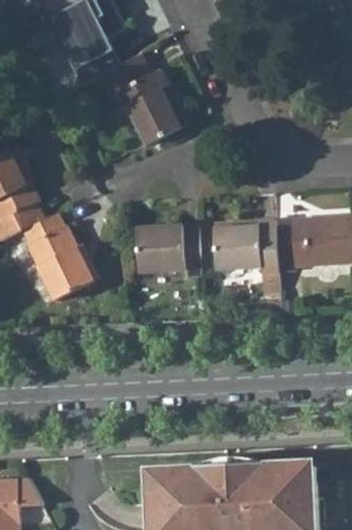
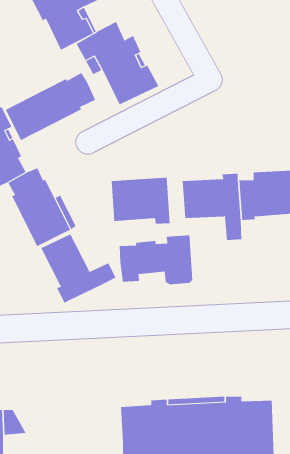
building: none -> [5,72,96,141]
building: none -> [40,234,116,304]
building: none -> [119,235,193,285]

